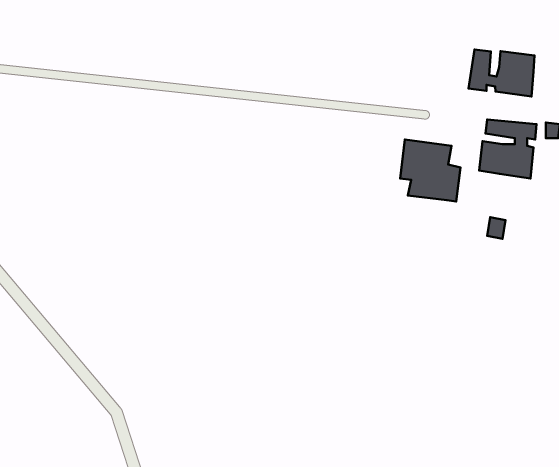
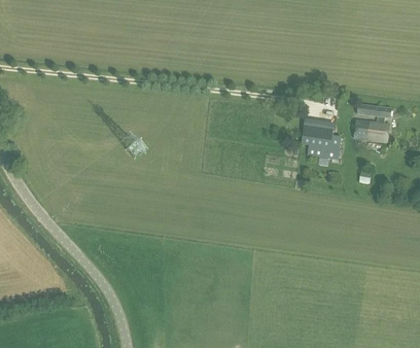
building: [468,50,535,96] -> none

